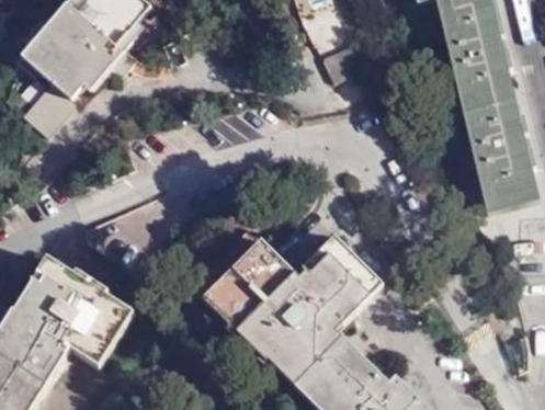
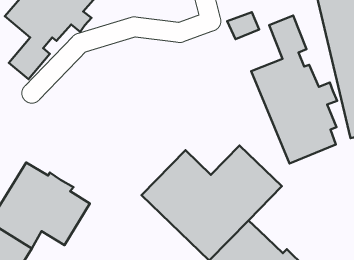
building: none -> [251,16,337,163]

